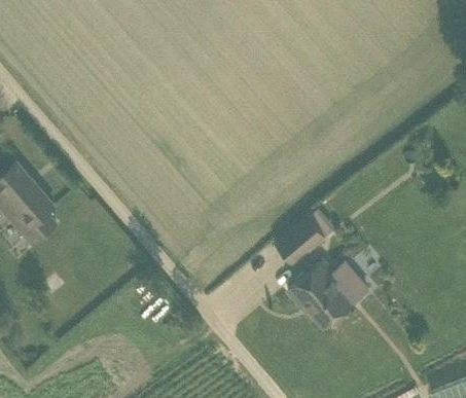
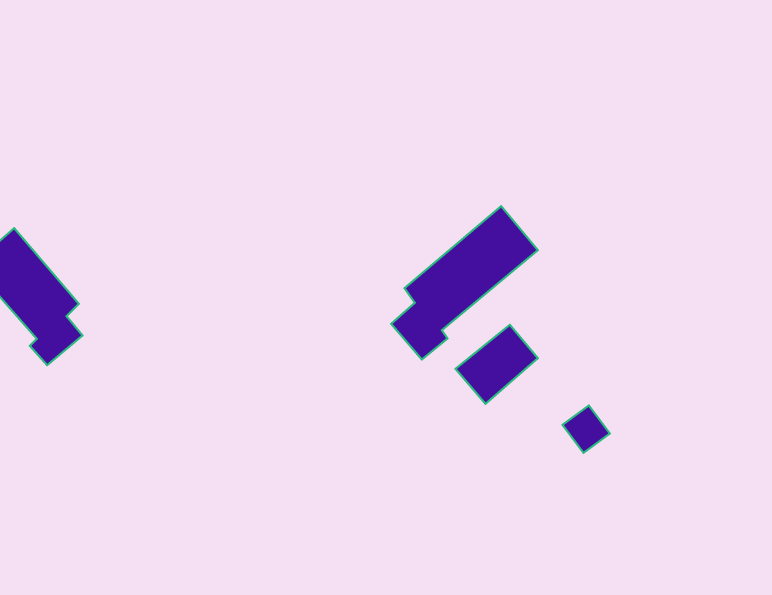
building: none -> [391,206,538,360]
building: [288,262,352,330] -> none

